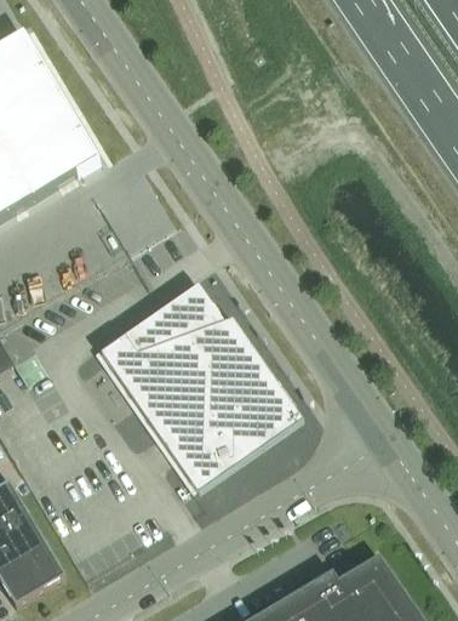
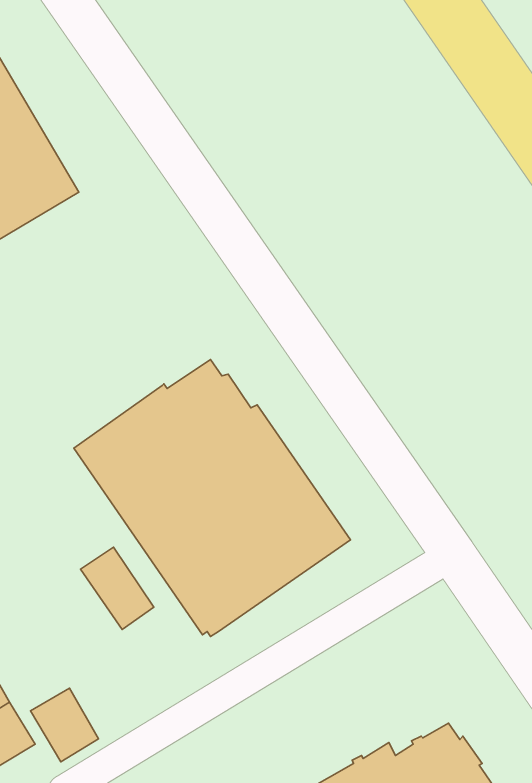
building: none -> [81,547,154,630]
building: none -> [30,688,99,762]

